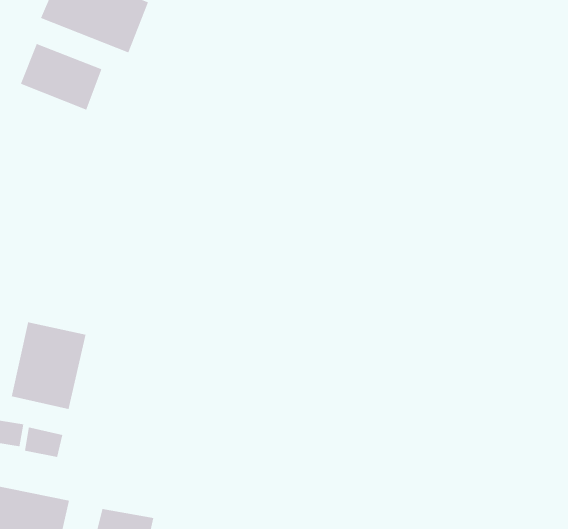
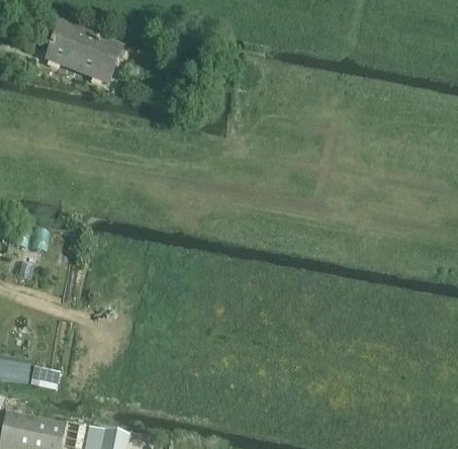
building: [20,43,102,110] -> none
building: [11,322,86,410] -> none

